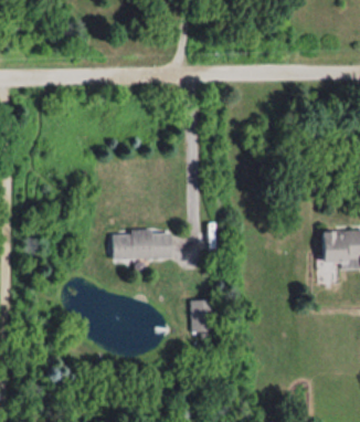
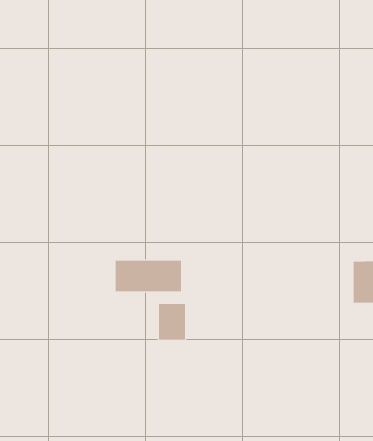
building: [191,300,215,333] -> [158,303,186,340]

